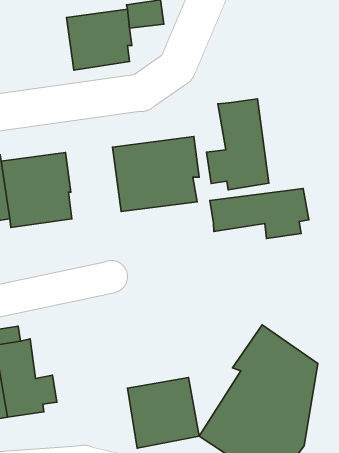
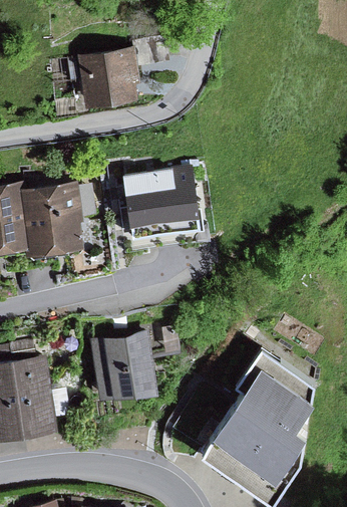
building: [207,99,269,190] -> none
building: [210,188,309,238] -> none
building: [127,377,199,448] -> [91,334,158,401]

